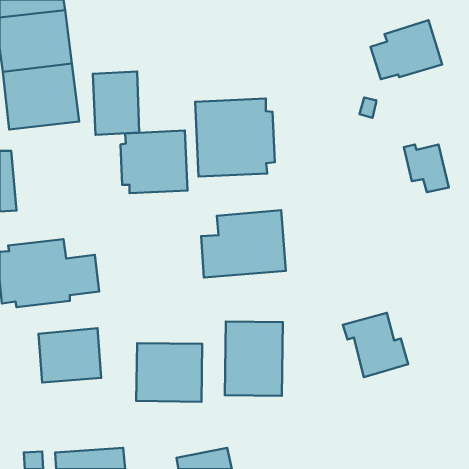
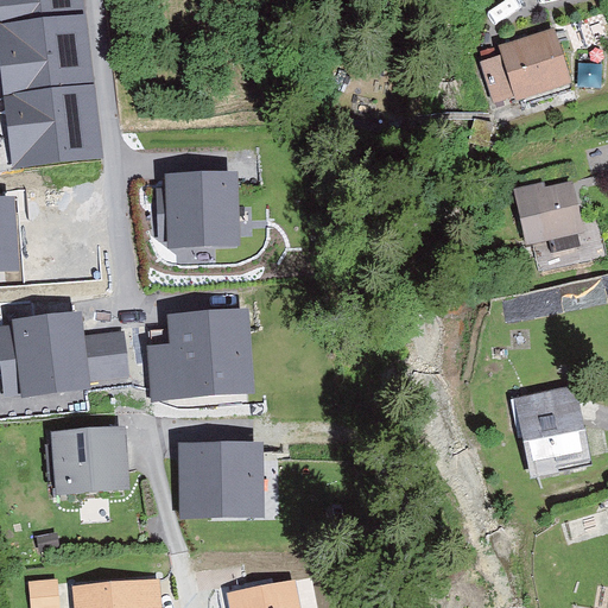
building: [93,72,139,135] -> none
building: [195,99,275,176] -> none
building: [201,210,286,277] -> [147,314,256,400]
building: [343,313,408,377] -> [513,393,597,476]
building: [225,321,283,396] -> none

